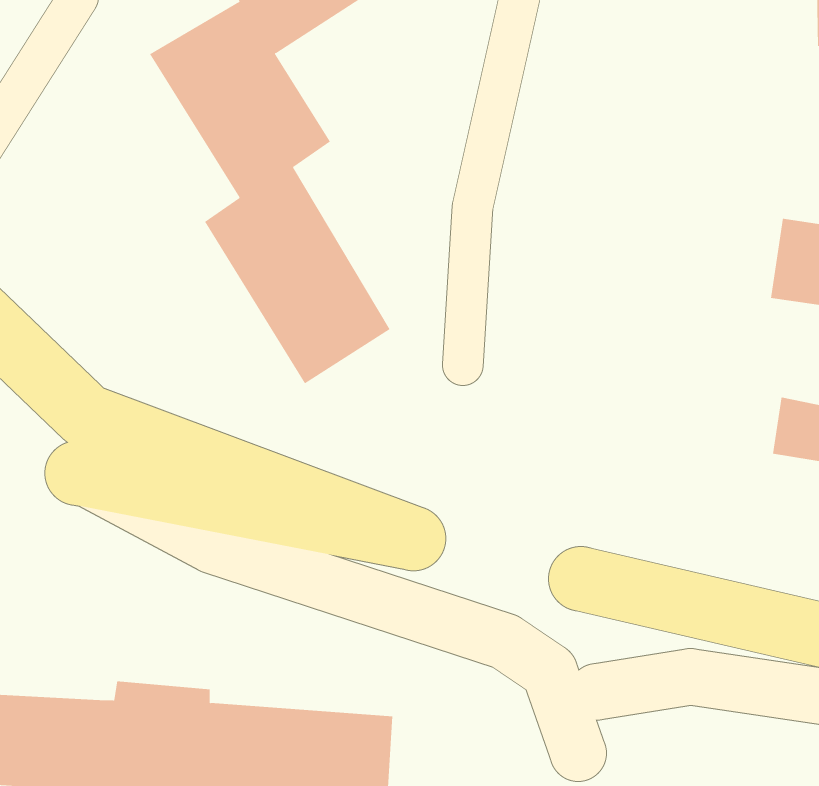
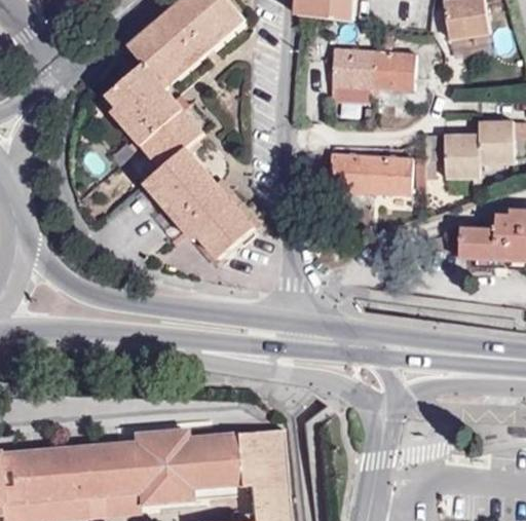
building: none -> [329,47,416,104]
building: none -> [329,156,410,199]

